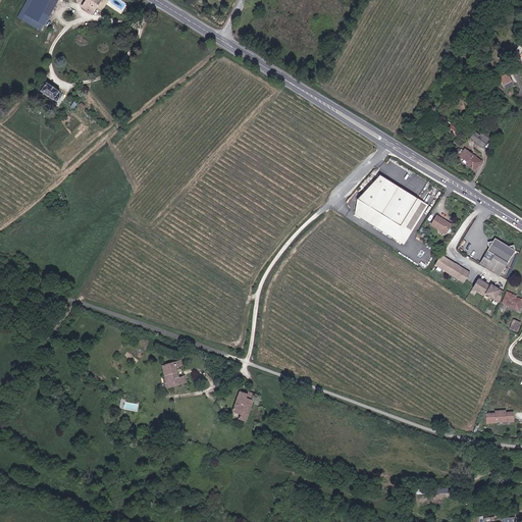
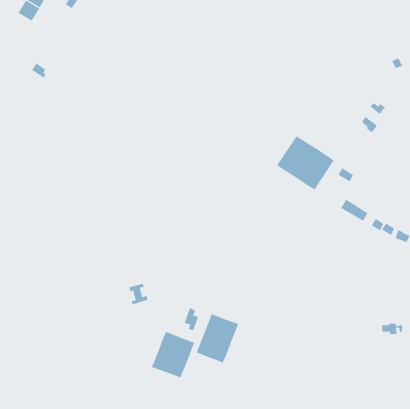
building: [480,241,516,275] -> none
building: none -> [196,314,239,363]
building: none -> [151,331,195,378]

